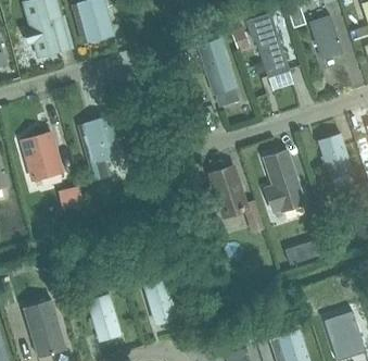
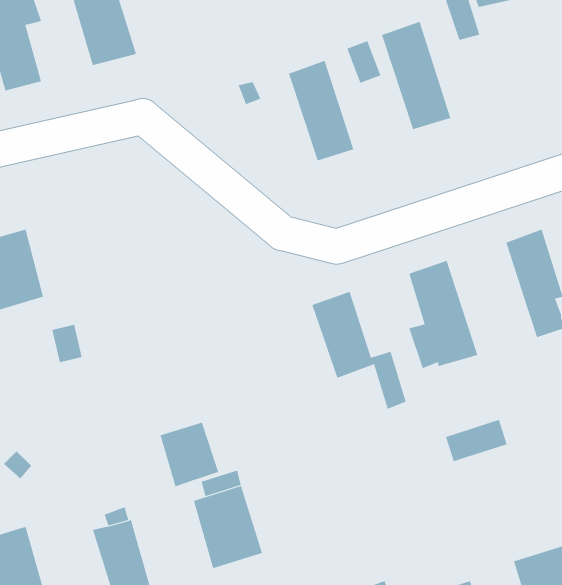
building: [309,16,341,60] -> none
building: [78,119,119,182] -> none
building: none -> [160,422,219,487]

